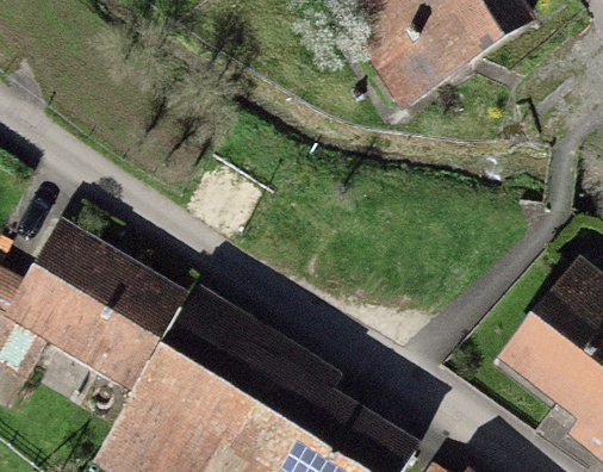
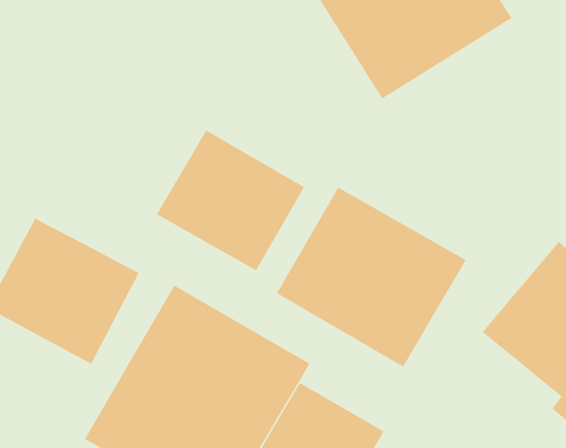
building: none -> [156,129,305,271]
building: none -> [276,187,467,367]

